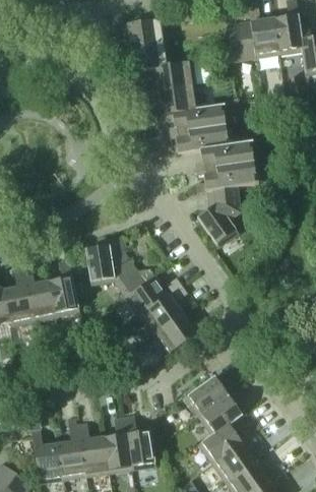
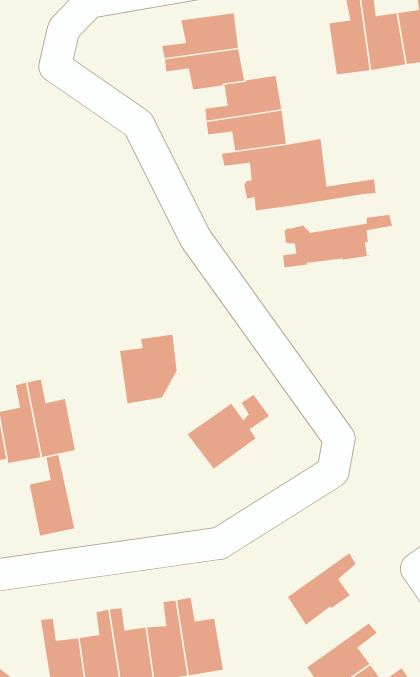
building: [200,141,253,167] -> none
building: [197,185,240,246] -> none
building: [49,259,80,315] -> [29,454,75,536]
building: [115,260,162,304] -> none
building: [149,307,209,354] -> none
building: [185,374,242,415] -> none
building: [198,422,255,463] -> none

